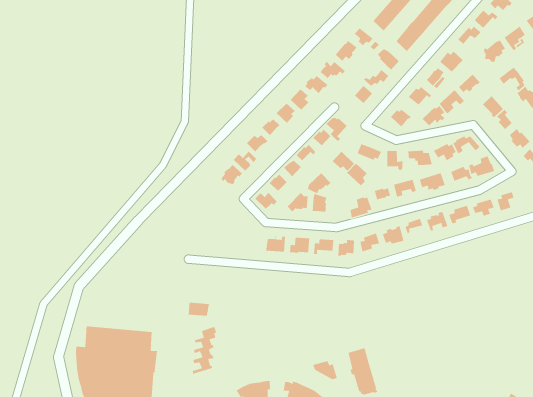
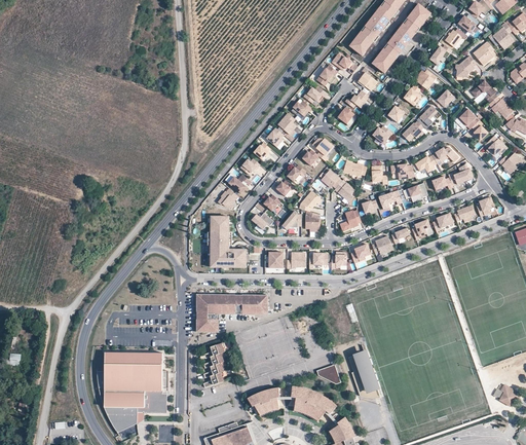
building: none -> [211,216,247,266]
building: none -> [196,295,234,311]
building: none -> [241,295,267,311]

